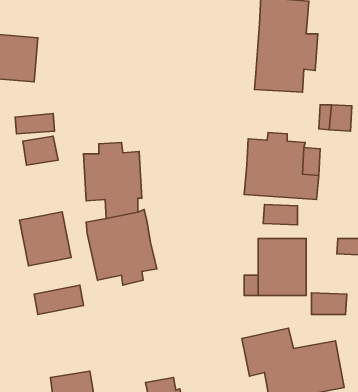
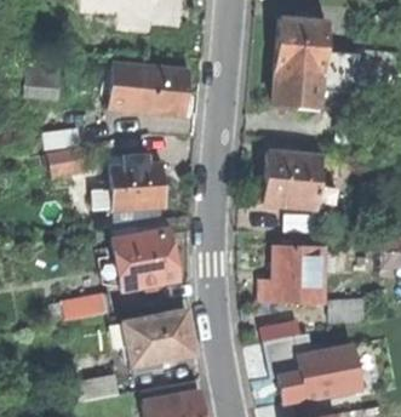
building: none -> [107,64,188,116]
building: [20,212,71,266] -> none
building: none -> [125,310,193,375]

